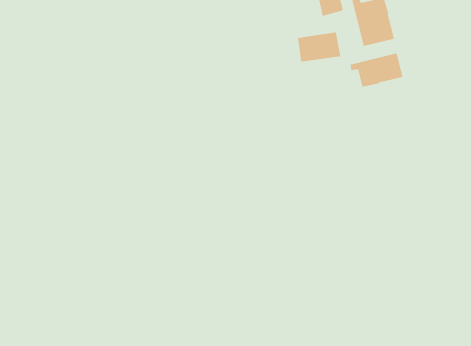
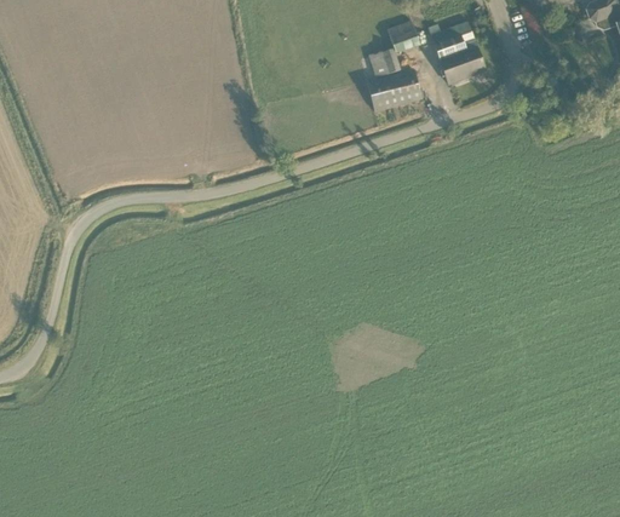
building: none -> [369,47,400,76]
building: [350,52,403,88] -> none

